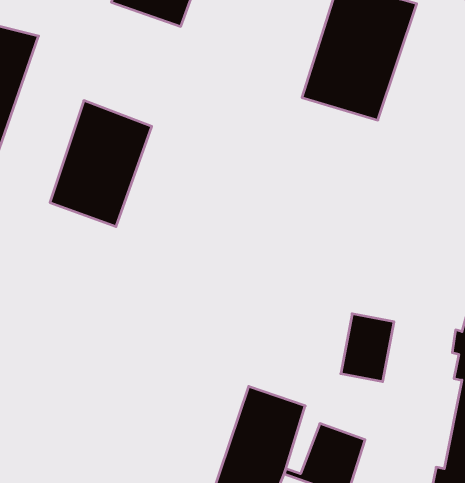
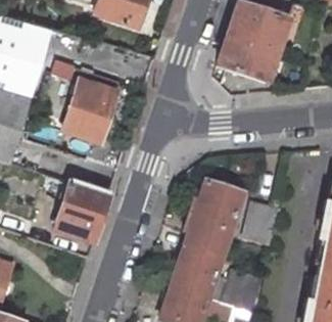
building: none -> [57,178,112,241]
building: none -> [184,184,242,261]

